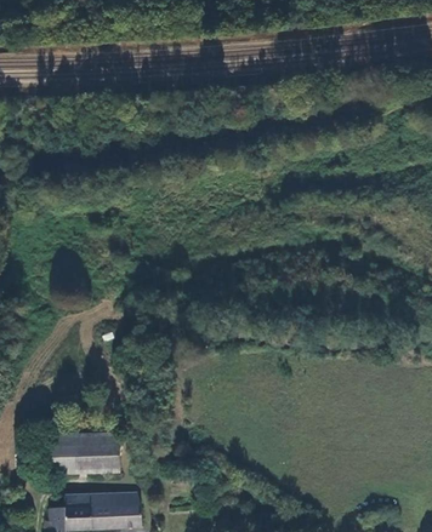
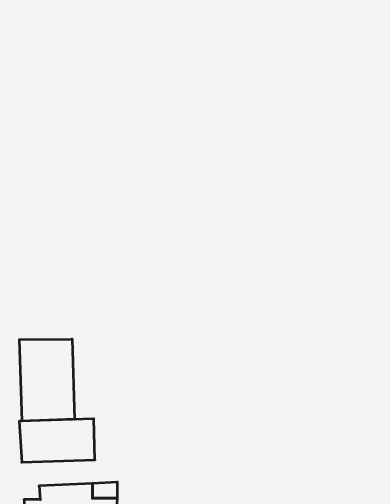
building: none -> [19,339,75,421]

